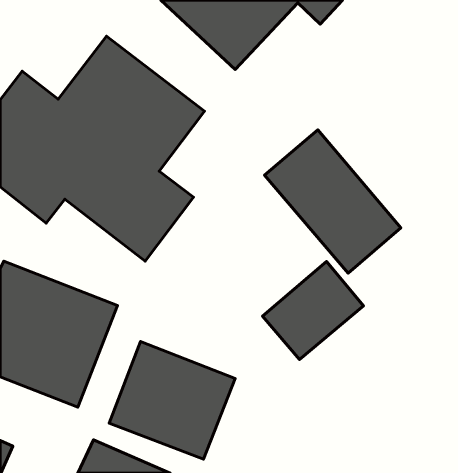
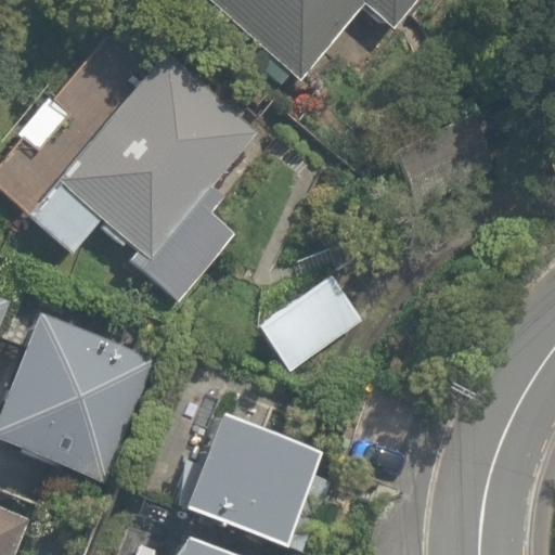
building: [265,130,401,273] -> none
building: [263,261,363,360] -> [247,264,365,379]

